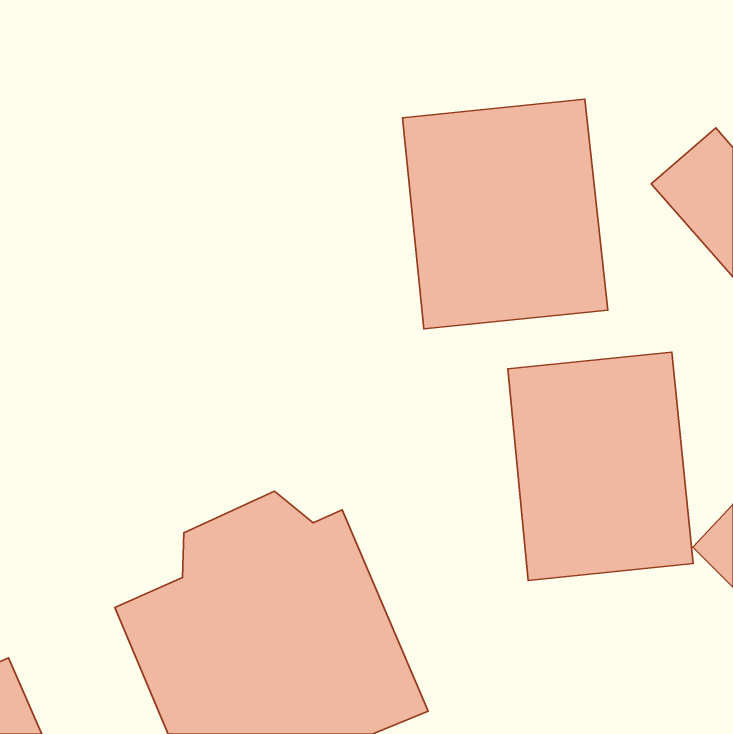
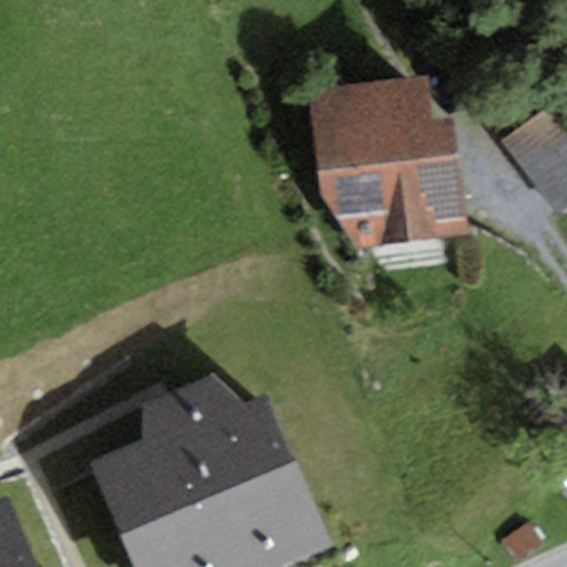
building: [508,352,693,580] -> none

